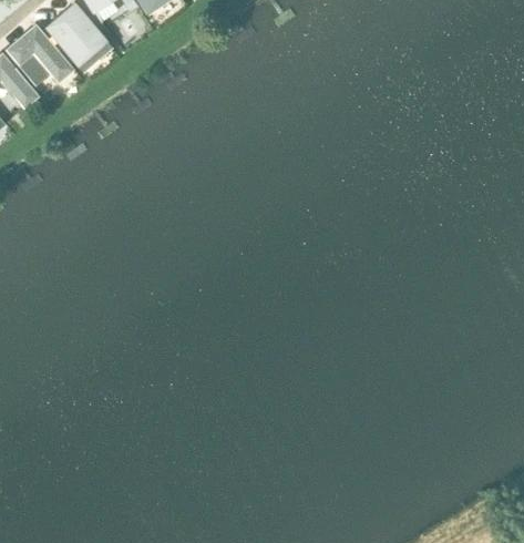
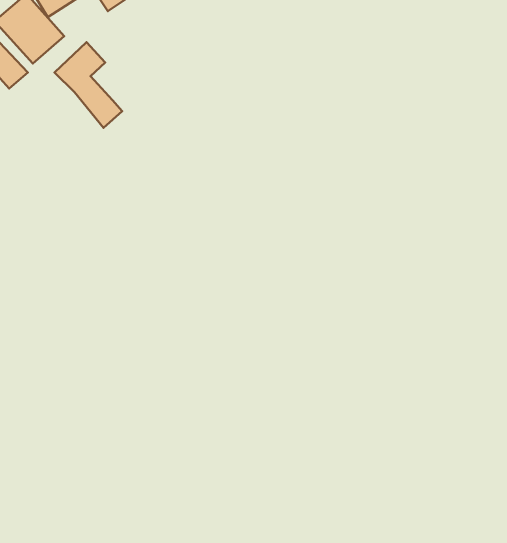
building: none -> [55,42,122,128]

